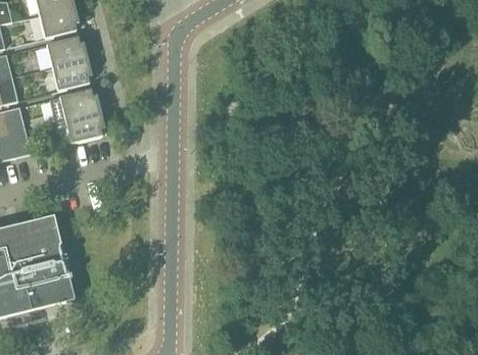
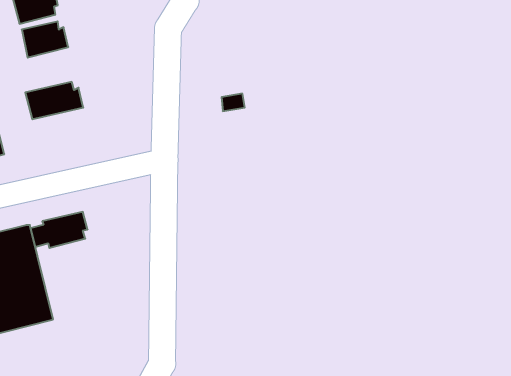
building: [51,59,91,91] -> none
building: [54,112,104,144] -> [31,212,88,248]

